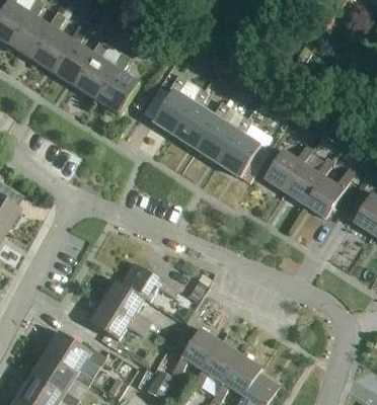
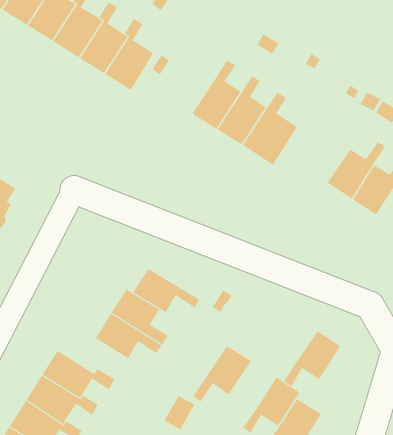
building: [142,74,192,134] -> none
building: [263,144,312,191] -> none
building: [193,341,241,389] -> [283,330,341,387]

